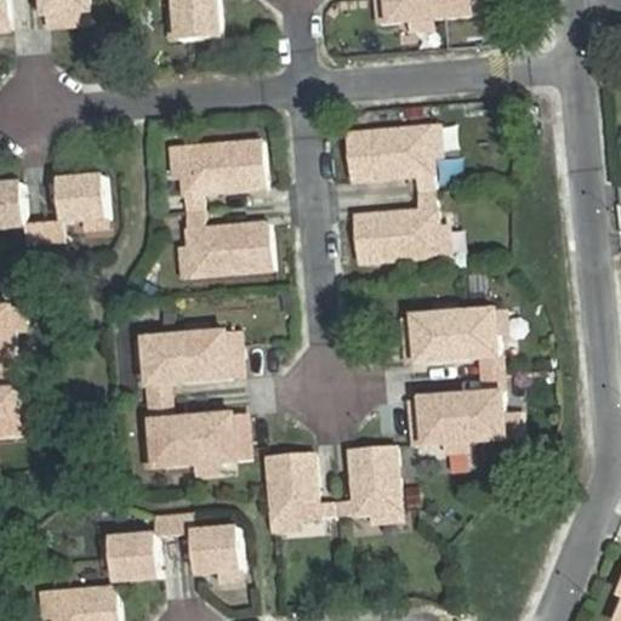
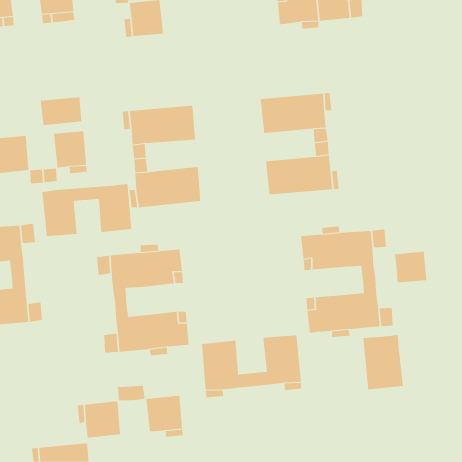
building: none -> [40,97,82,126]
building: none -> [42,183,132,237]
building: none -> [394,251,427,283]
building: none -> [363,334,403,390]

